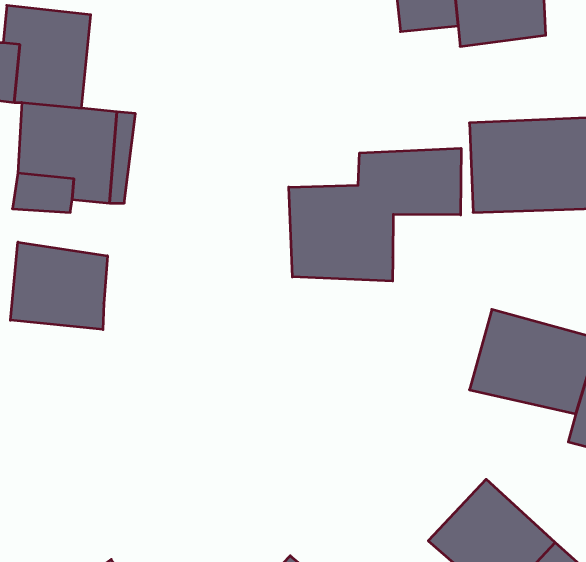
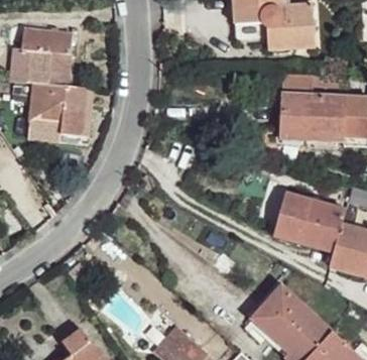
building: [289,148,461,281] -> none
building: [10,242,107,330] -> none

